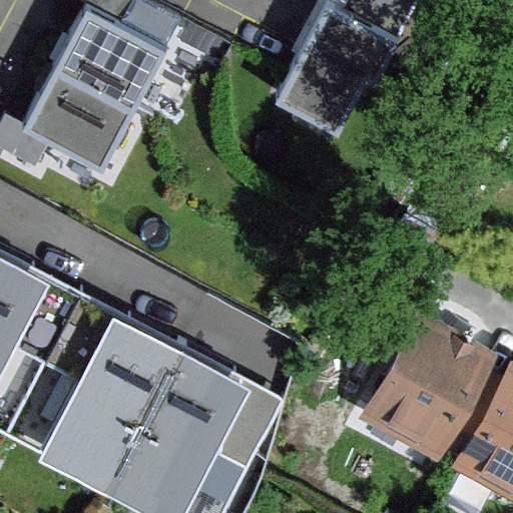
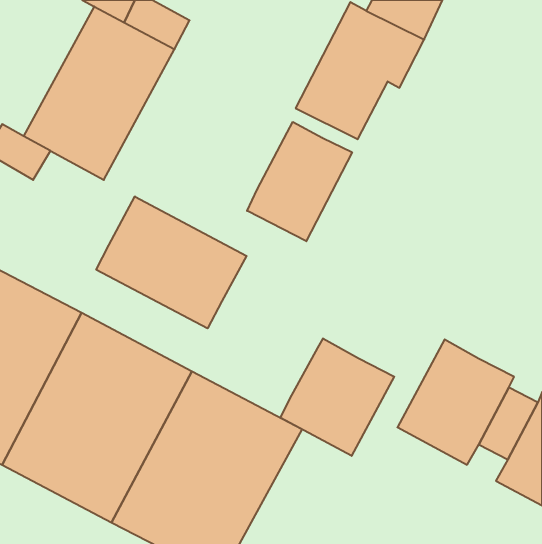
building: none -> [247,122,352,241]
building: none -> [96,196,247,328]
building: none -> [280,338,394,456]

